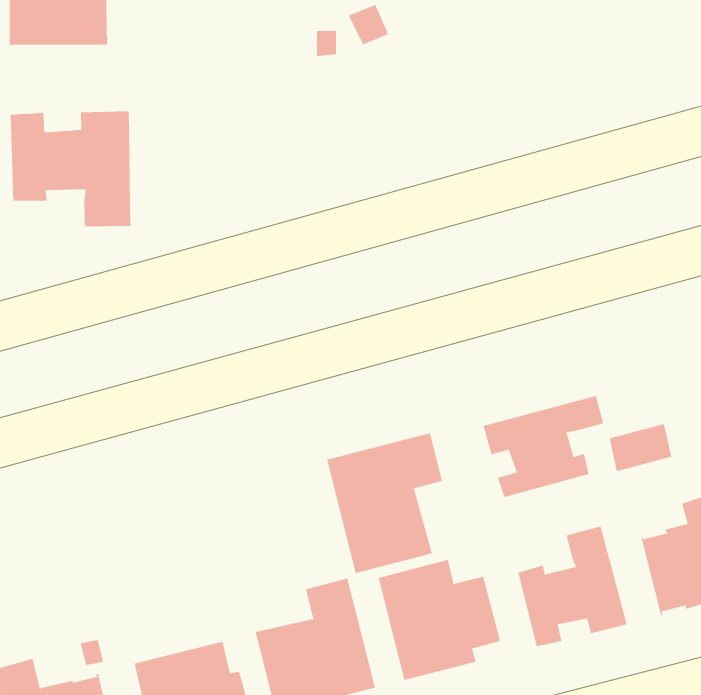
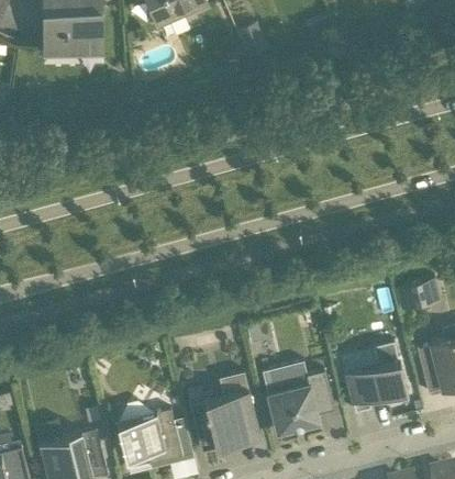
building: [10,110,131,227] -> none
building: [483,395,604,498] -> none
building: [327,432,442,574] -> none

